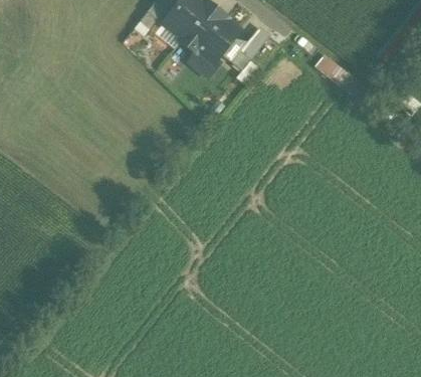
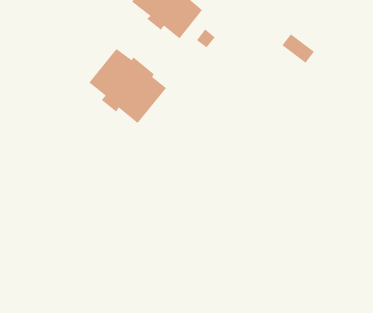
building: none -> [88,48,167,124]

